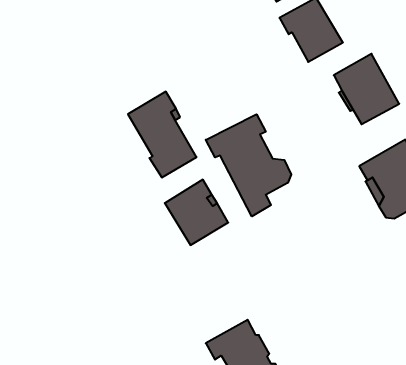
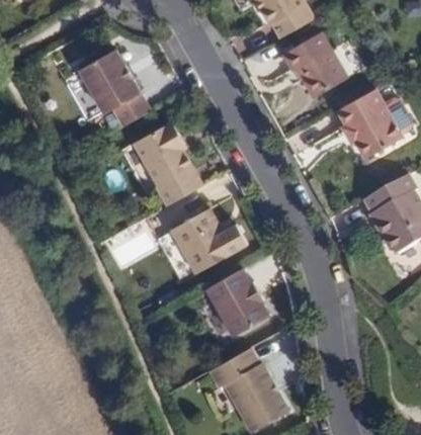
building: none -> [80,53,150,129]
building: [206,114,291,216] -> none
building: none -> [206,270,269,338]

